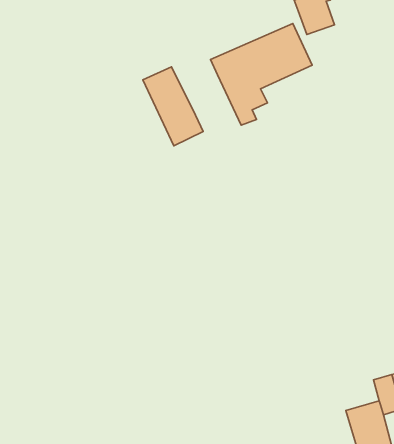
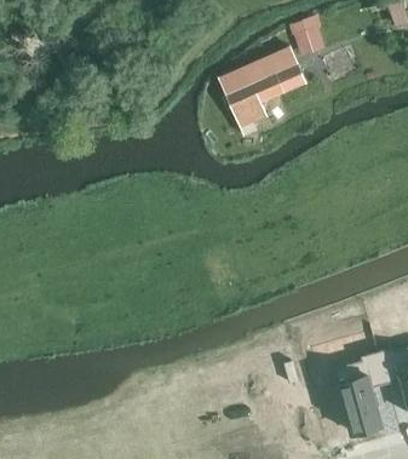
building: [143,67,203,146] -> none

